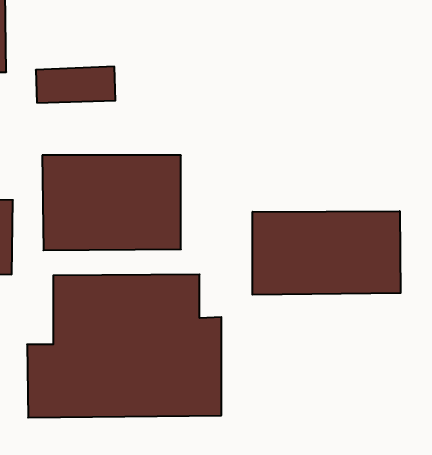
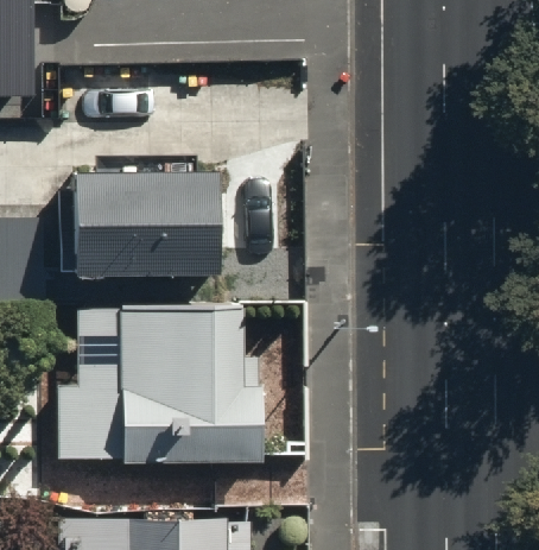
building: [252,211,401,295] -> none

